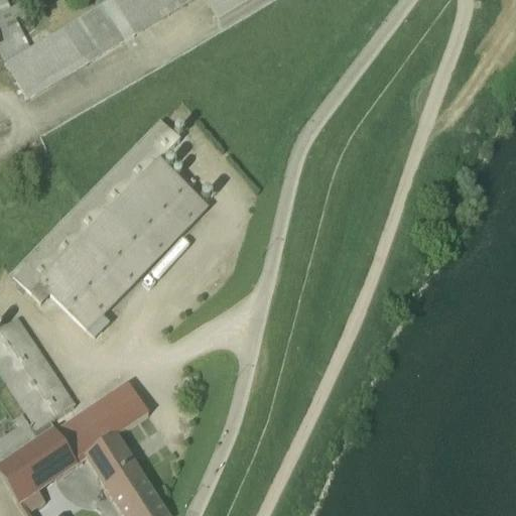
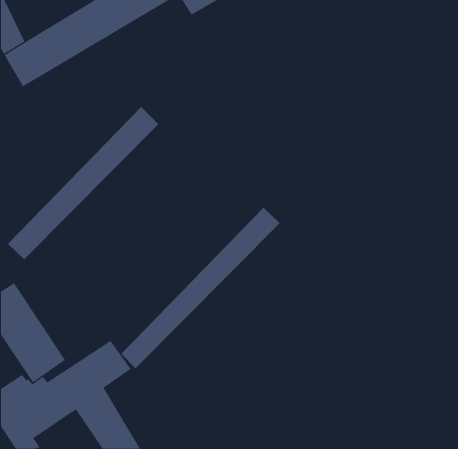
building: [38,159,209,338] -> none
building: none -> [120,207,280,369]

